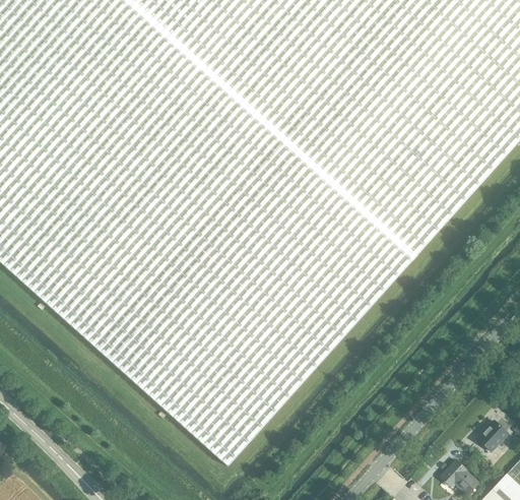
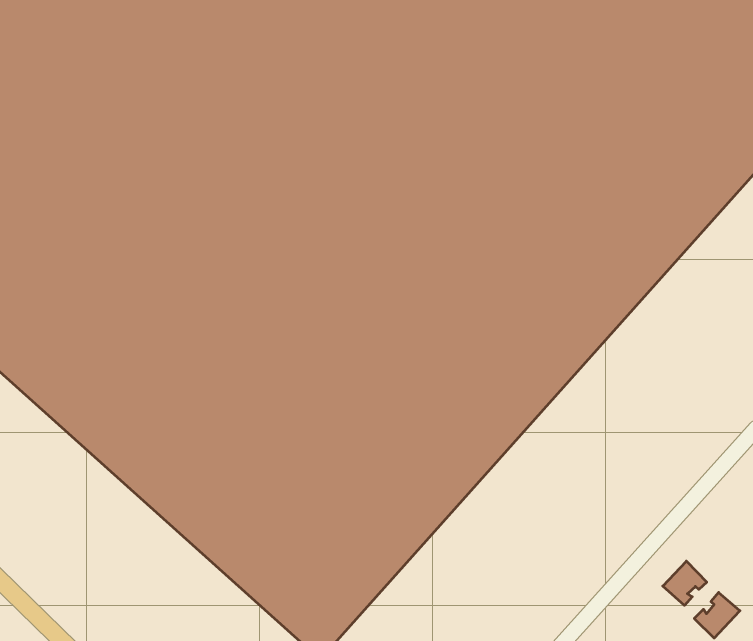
building: none -> [663,561,707,605]

